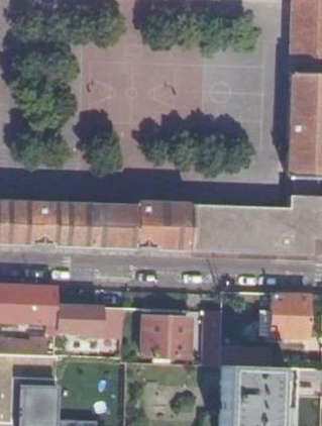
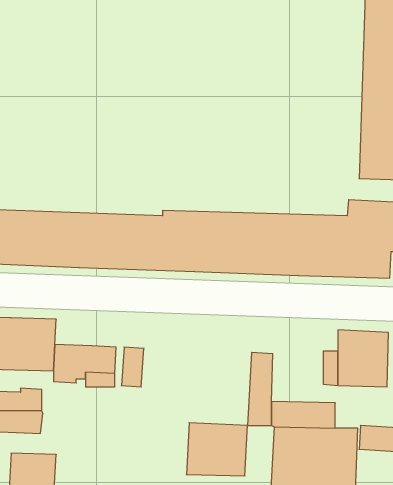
building: [143,316,190,356] -> [186,423,248,476]

